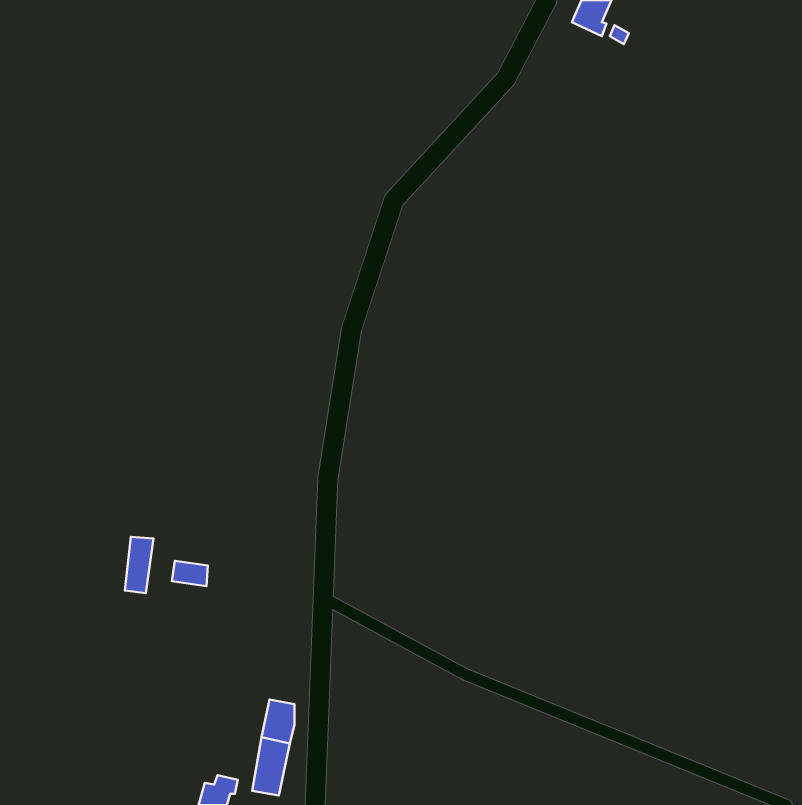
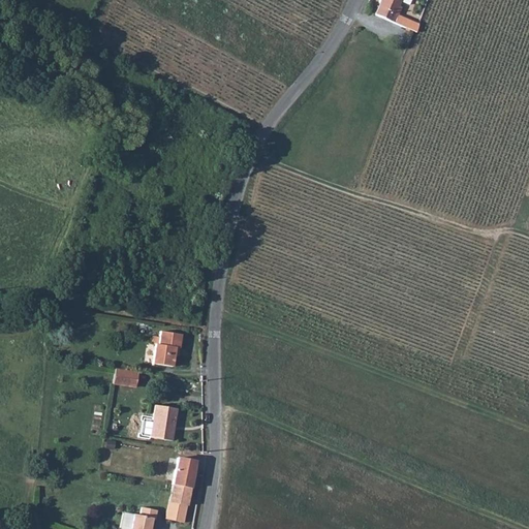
building: none -> [153,330,184,364]
building: [125,537,153,593] -> none
building: none -> [152,404,178,439]

